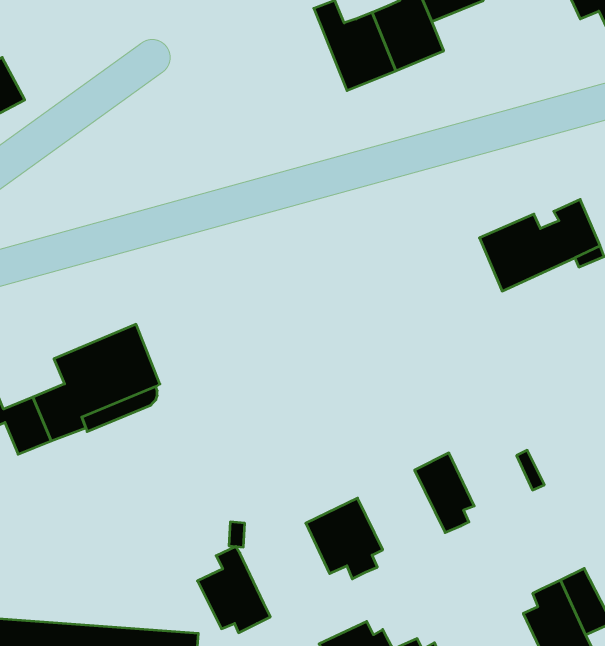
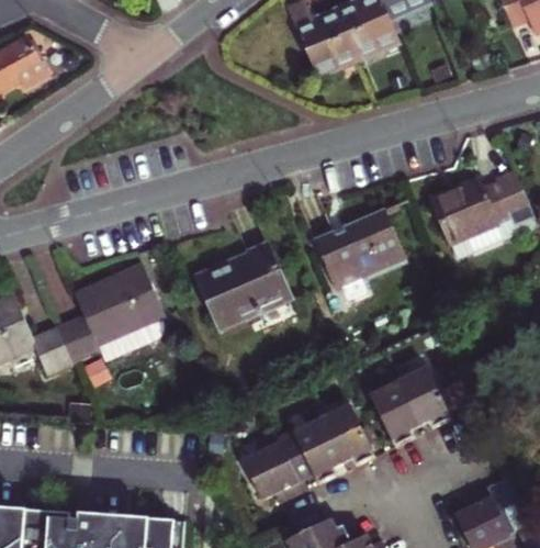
building: none -> [310,211,401,295]
building: none -> [190,241,285,328]
building: none -> [398,362,452,424]
building: none -> [323,400,374,461]
building: [197,546,270,633] -> [245,428,305,500]

